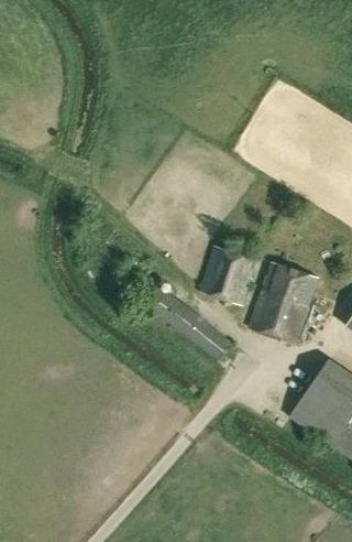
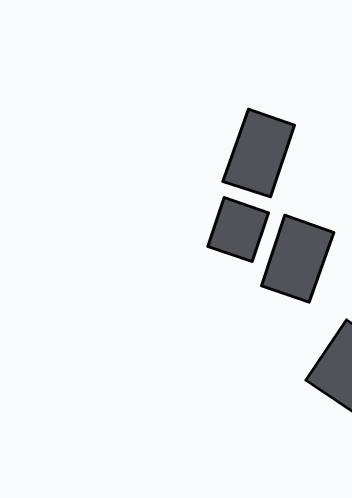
building: none -> [223,109,294,197]
building: [142,288,230,359] -> none

